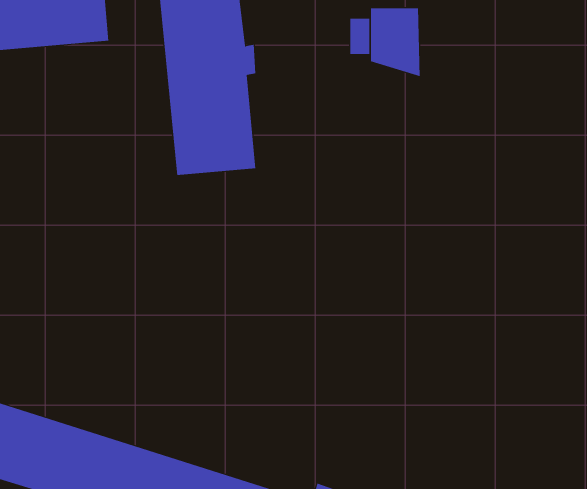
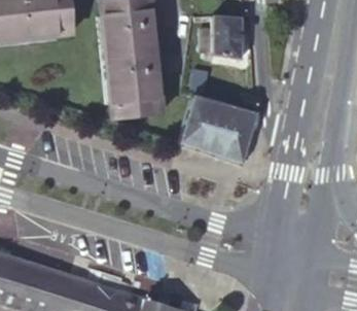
building: none -> [192,96,267,167]

